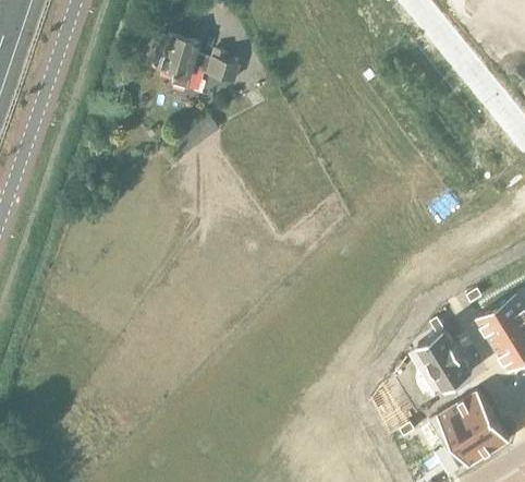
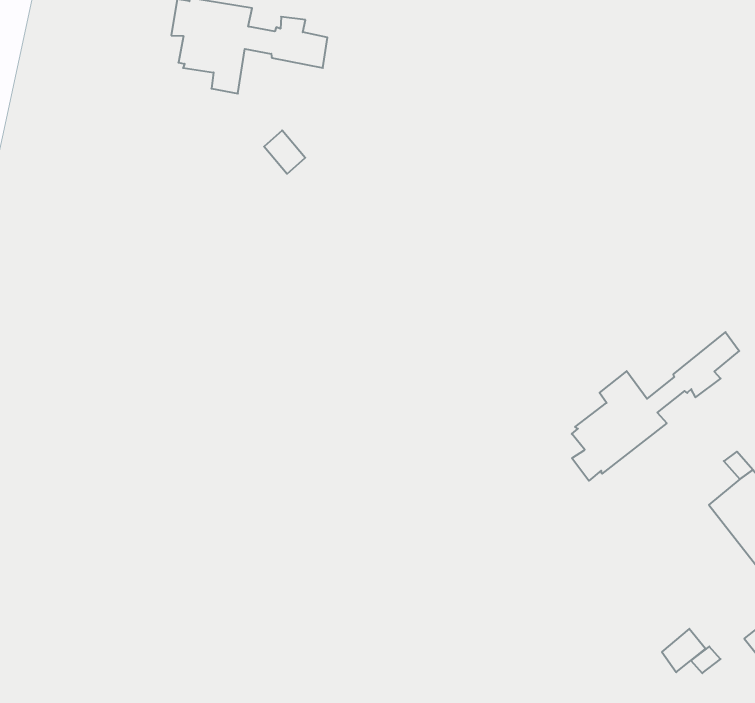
building: none -> [572,332,739,481]

